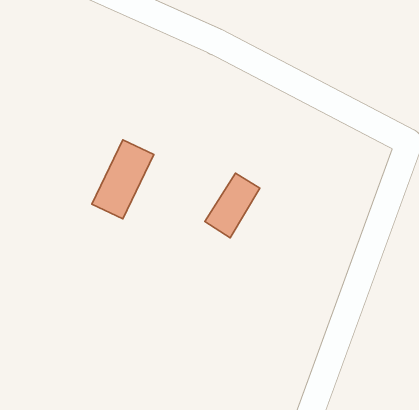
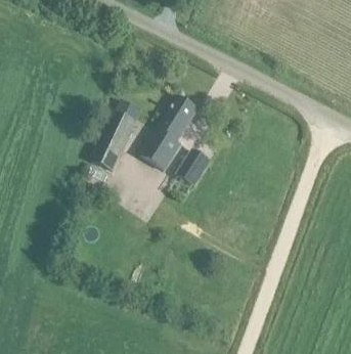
building: none -> [145,98,198,168]

